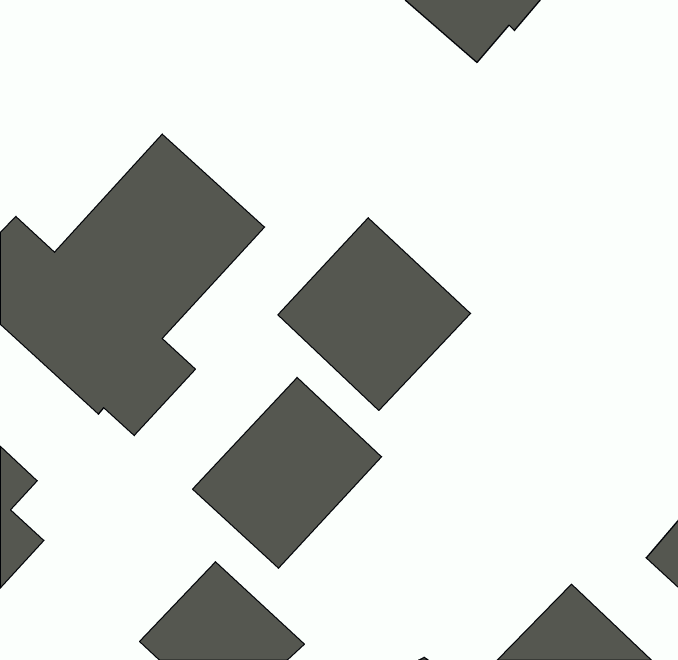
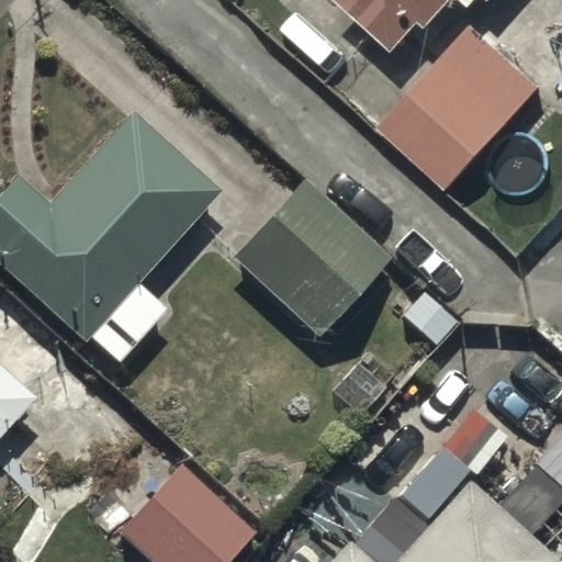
building: none -> [382,23,541,186]
building: [193,377,382,568] -> none

